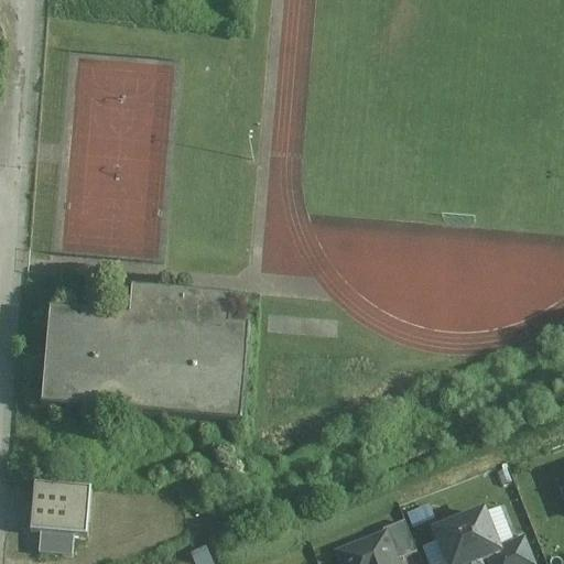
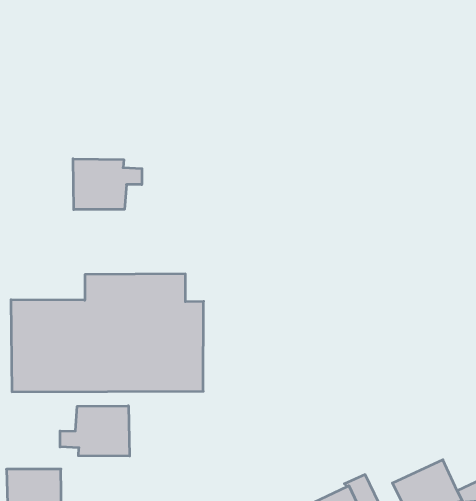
building: none -> [73,159,142,210]
building: none -> [60,406,130,456]

